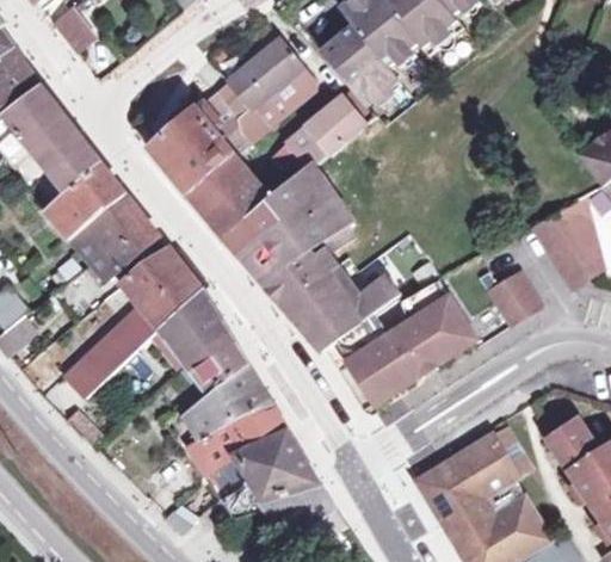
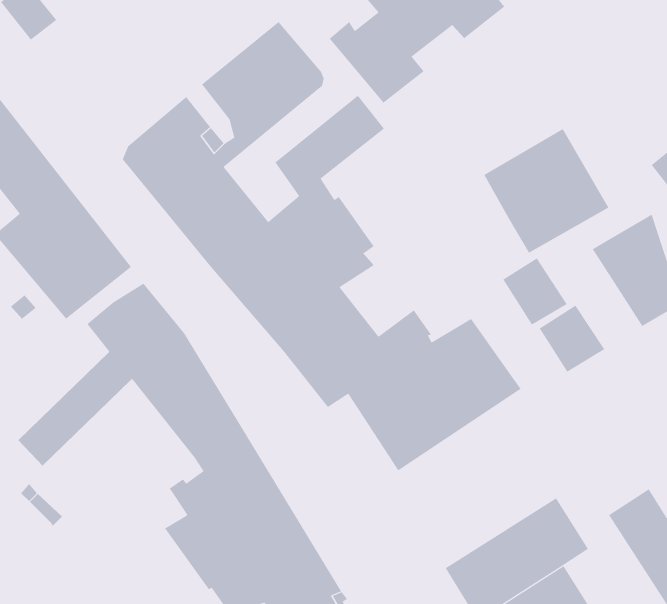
building: none -> [484,128,609,253]
building: none -> [503,257,567,325]

